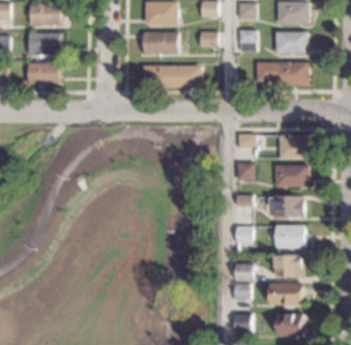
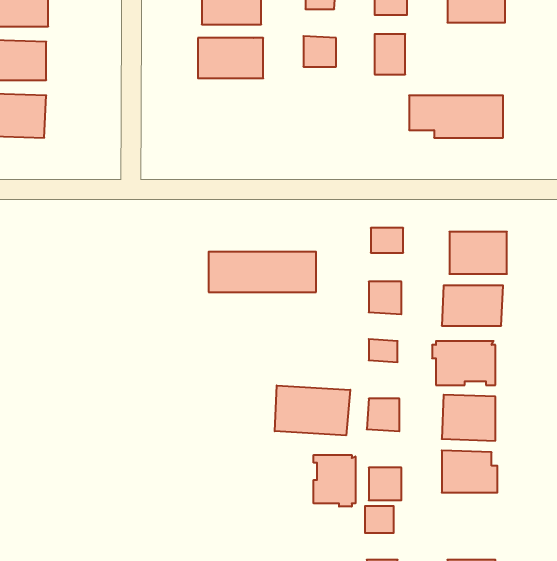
building: [275,31,306,53] -> none
building: [143,65,201,87] -> [209,252,316,292]
building: none -> [275,385,350,435]
building: none -> [314,455,355,507]
building: [269,283,302,305] -> none

